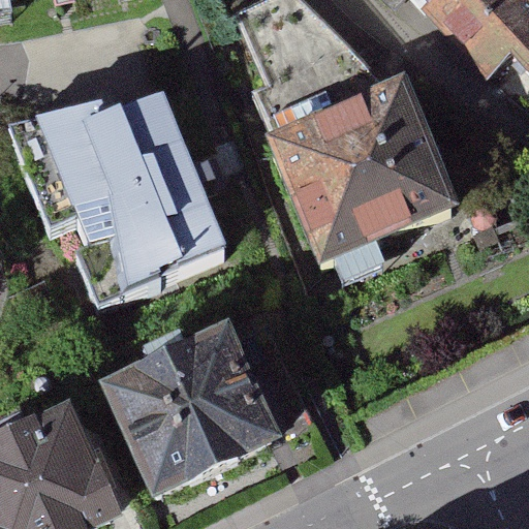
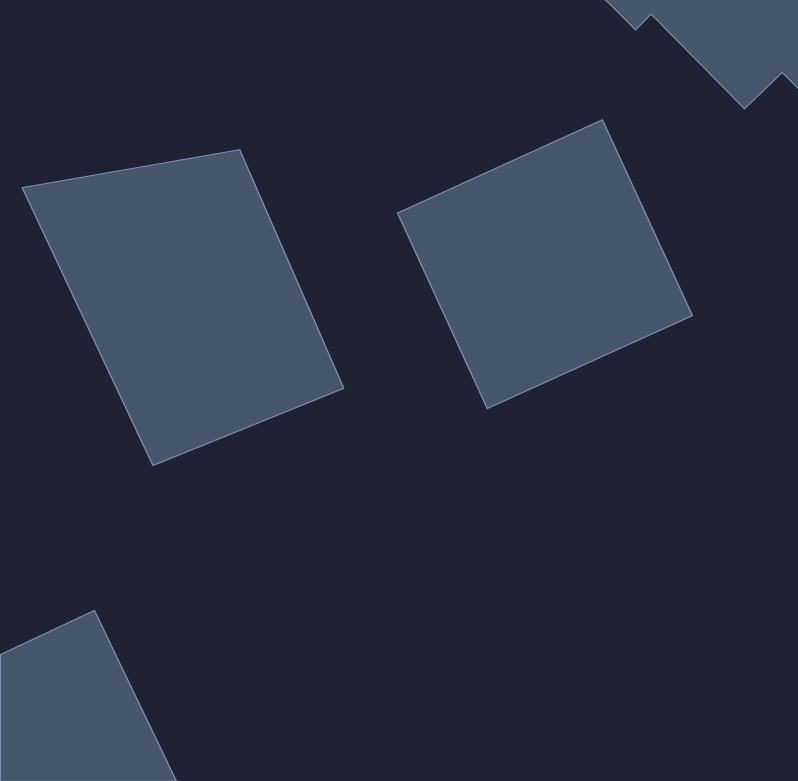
building: [98,325,283,501] -> none

